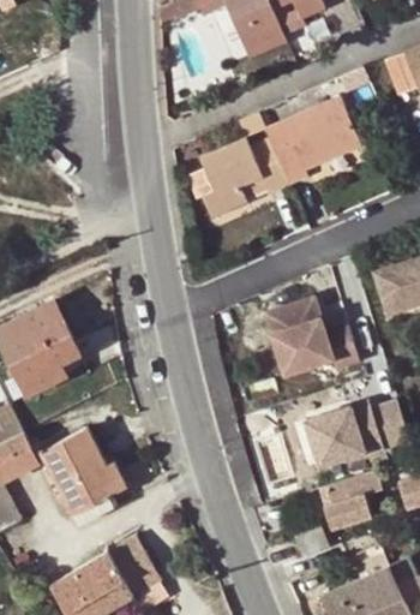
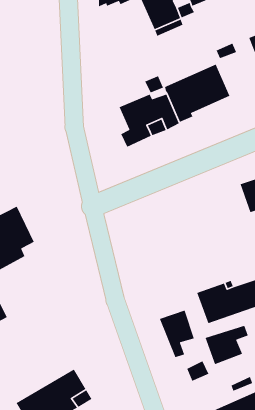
building: [264,298,355,372] -> none
building: [41,426,125,525] -> none
building: none -> [159,309,195,358]

